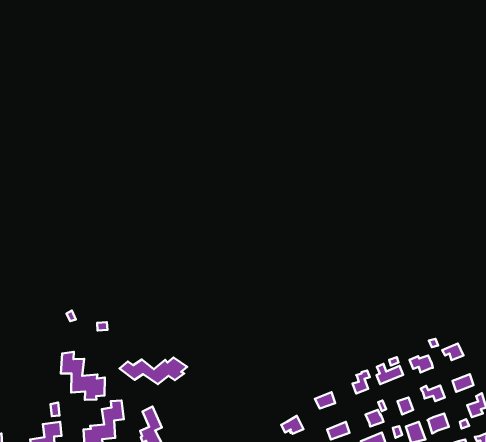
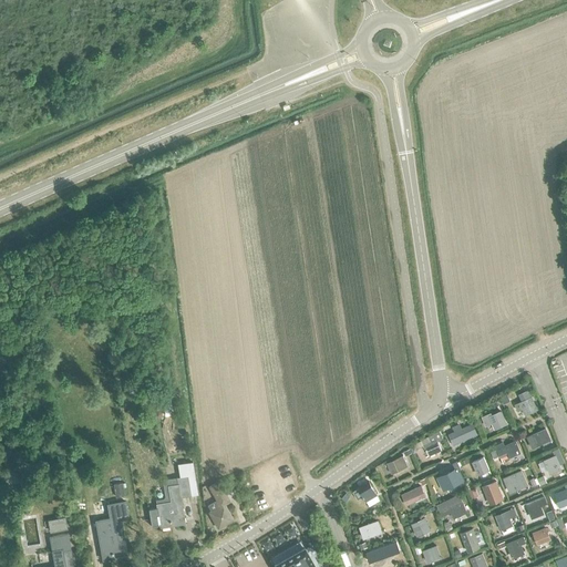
building: [61,352,105,400] -> none
building: [120,357,187,384] -> none

